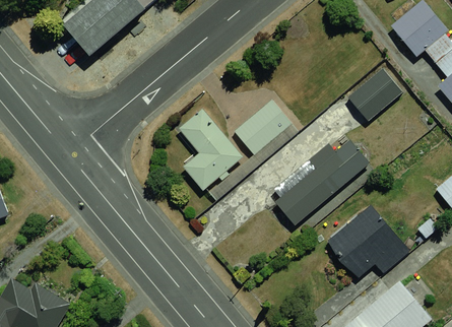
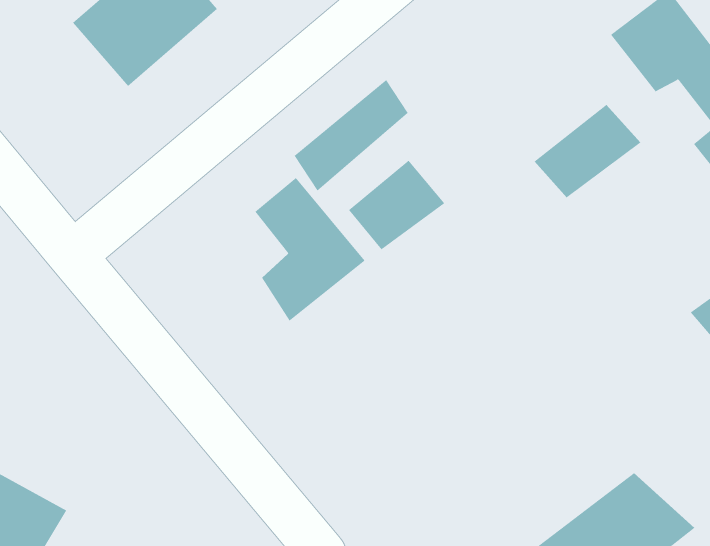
building: none -> [294,79,409,191]
building: [270,143,368,221] -> none
building: [325,203,404,282] -> none

